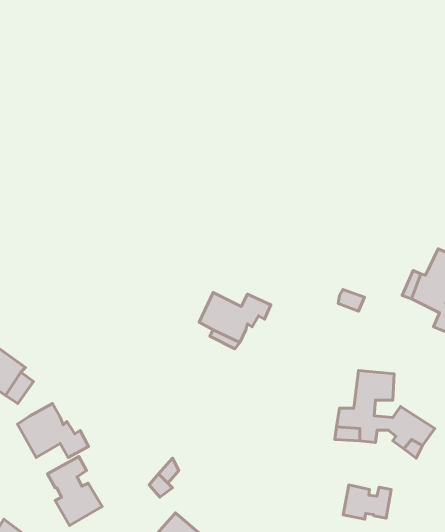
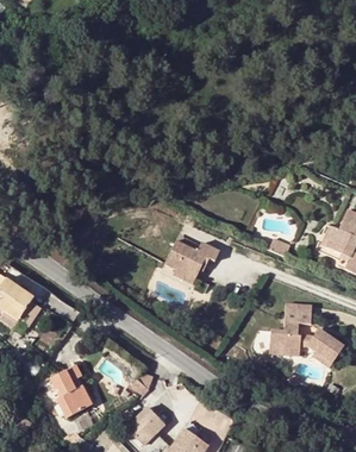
building: [18,404,88,458] -> none
building: [343,485,391,519] -> none

